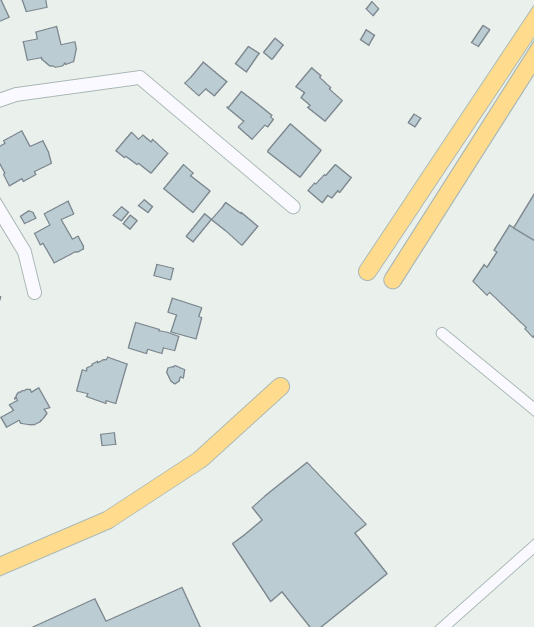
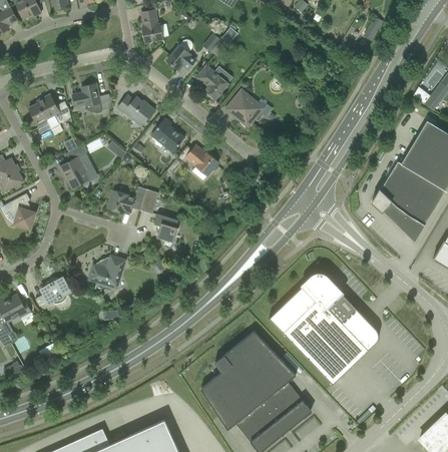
building: none -> [141,10,163,43]
building: [23,26,76,67] -> [72,83,110,112]
building: [296,68,342,121] -> none
building: [308,165,351,203] -> none
building: [128,323,179,353] -> [107,190,143,212]
building: none -> [269,275,379,385]

